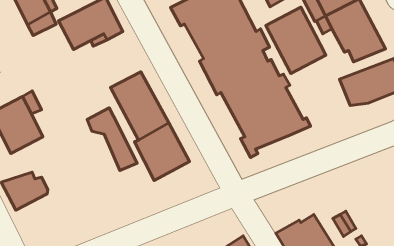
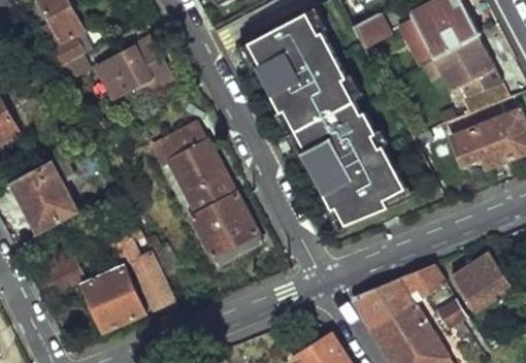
building: [266,7,326,73] -> none
building: [87,108,137,171] -> [112,229,175,307]
building: none -> [454,253,509,309]
building: none -> [351,263,448,329]
building: none -> [84,266,145,330]

